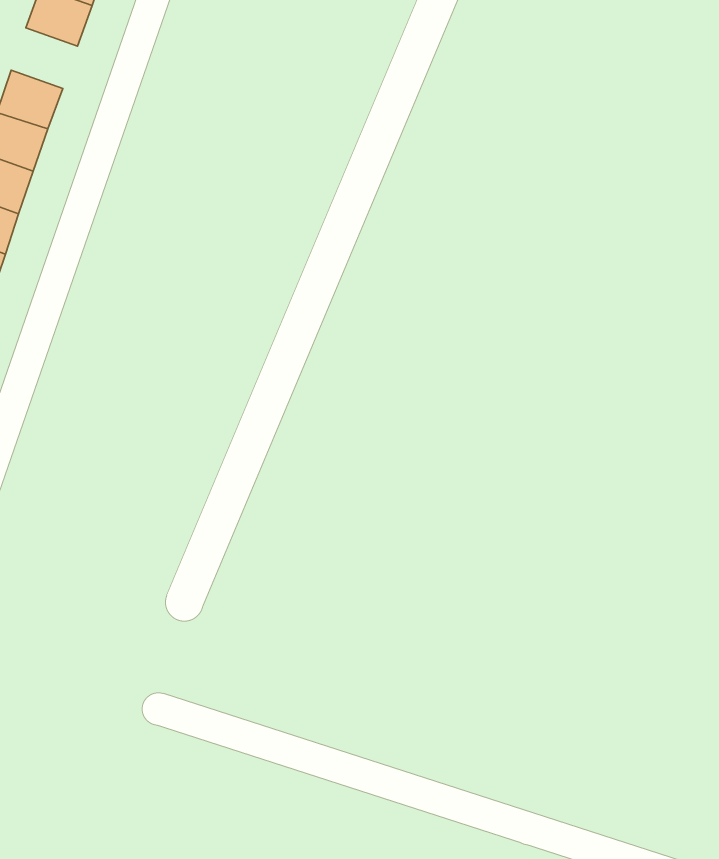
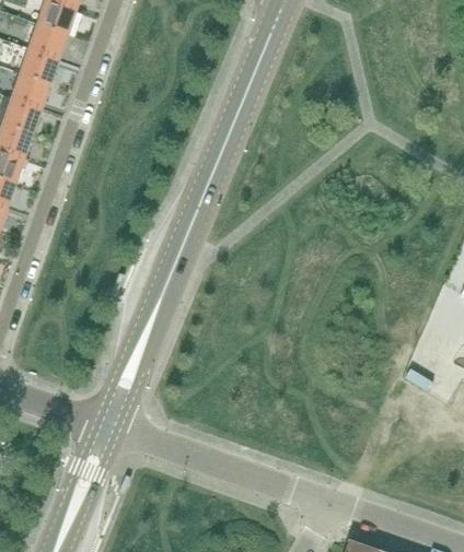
building: none -> [28,22,68,58]

